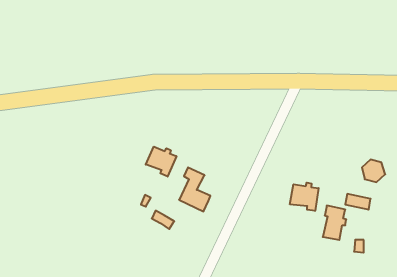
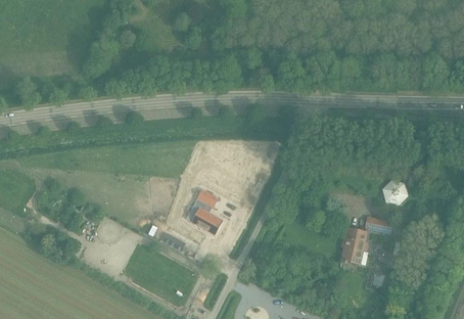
building: [146,147,176,177] -> none
building: [290,183,319,211] -> none

